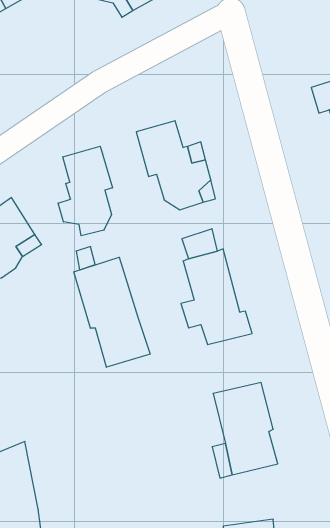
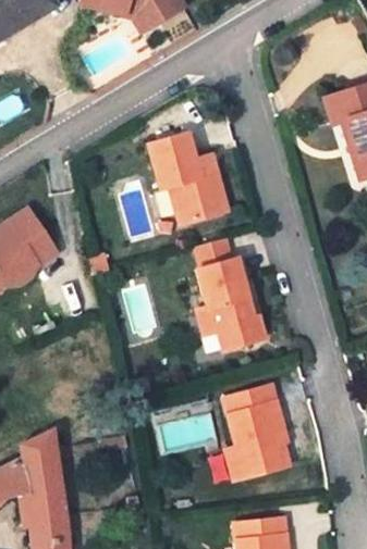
building: [58,146,112,236] -> none
building: [74,257,150,367] -> none

